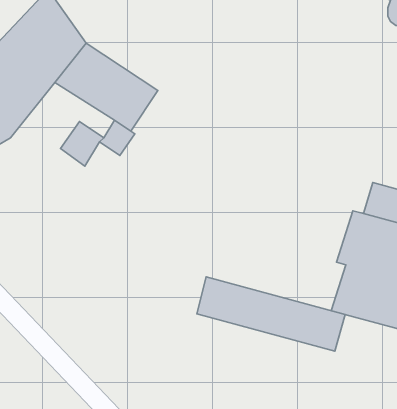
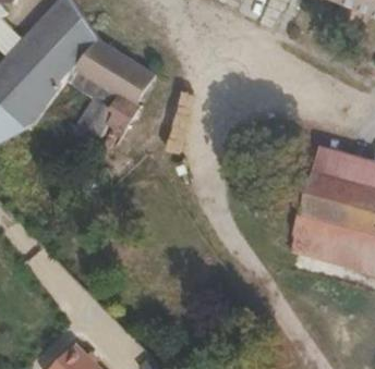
building: [197,277,345,351] -> none

